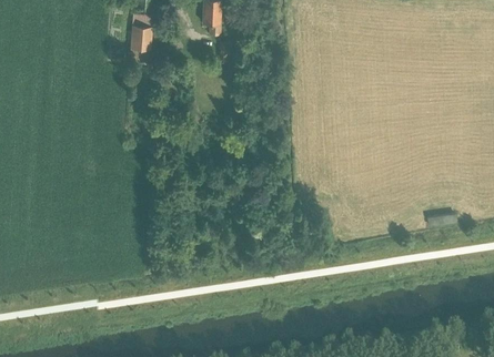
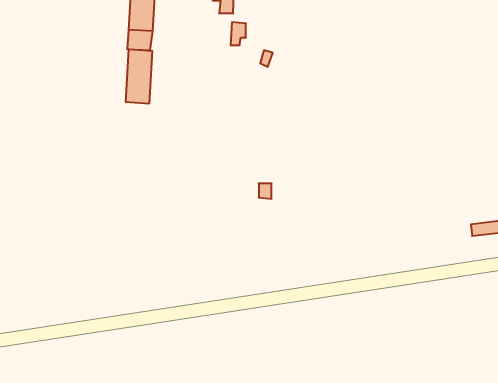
building: none -> [126,49,152,104]

